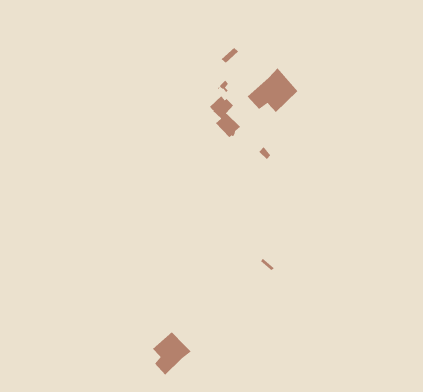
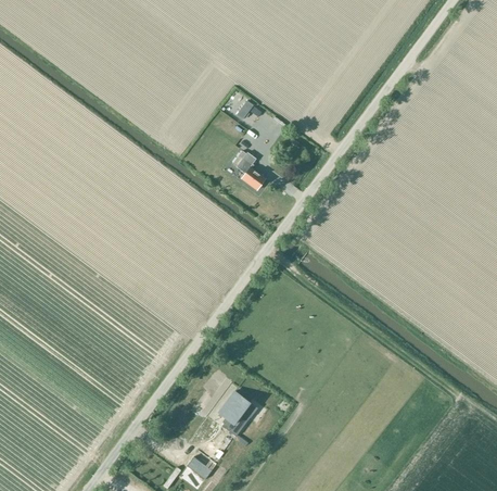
building: [247,68,298,113] -> none

